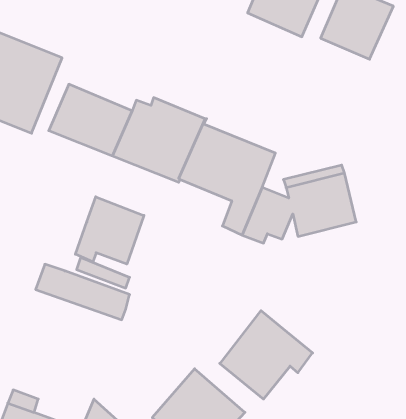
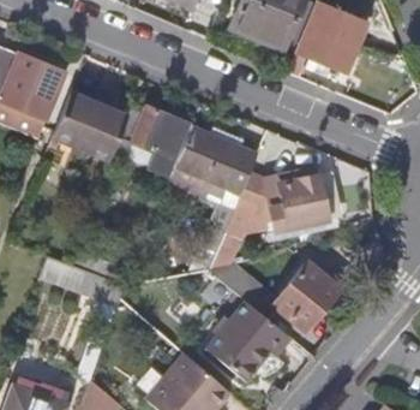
building: [75,197,144,264] -> none
building: none -> [212,254,337,322]

